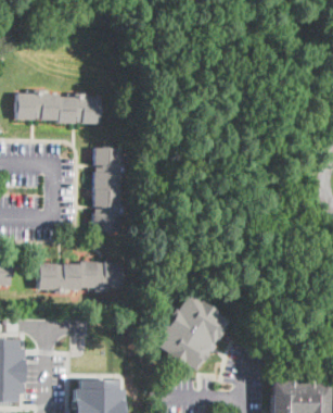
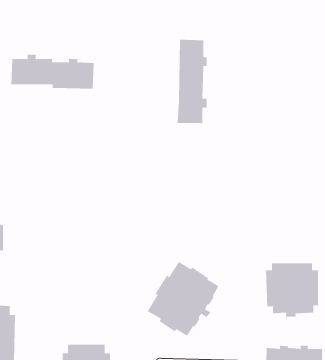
building: [93,148,124,231] -> [177,39,208,123]
building: [40,261,123,293] -> none
building: none -> [266,262,318,318]

